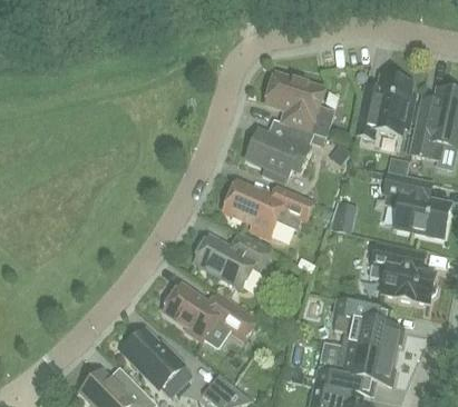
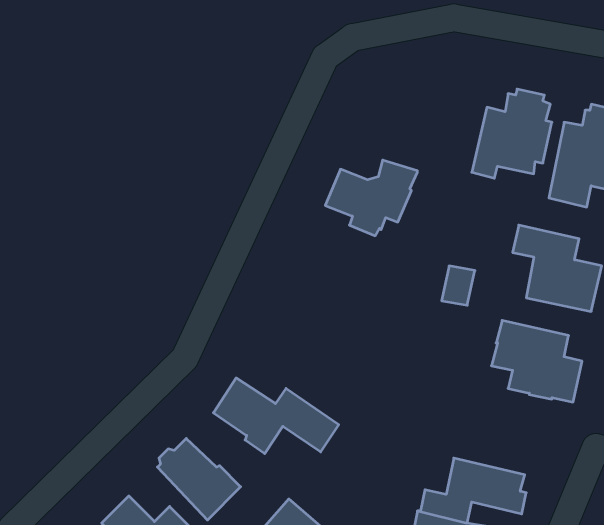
building: [265,71,333,137] -> none
building: [224,180,314,235] -> none
building: [195,234,270,286] -> none
building: [334,297,405,355] -> none

